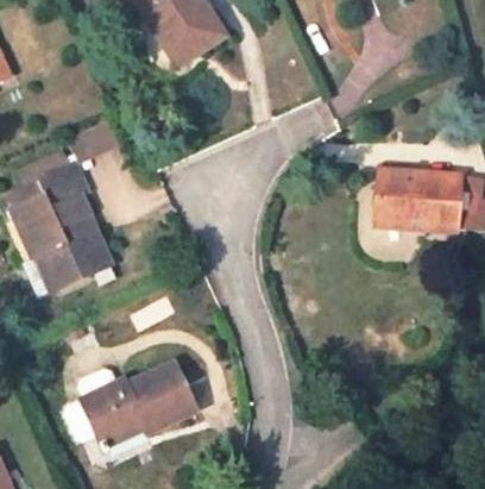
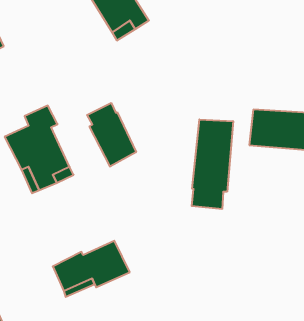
building: none -> [87,103,136,167]
building: none -> [192,119,233,209]

